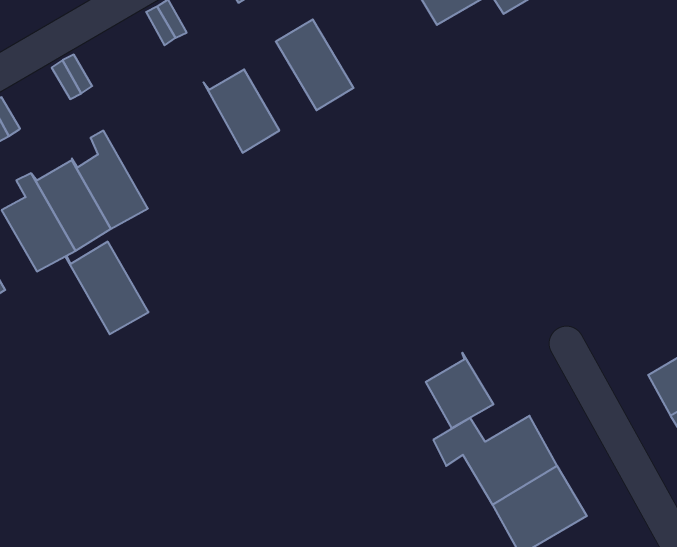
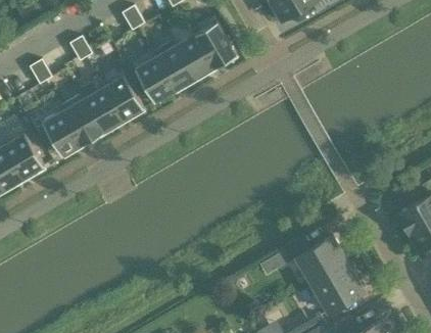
building: none -> [177,31,217,80]
building: none -> [133,53,176,104]
building: [65,242,149,334] -> [99,72,145,123]
building: [426,353,493,428] -> none

